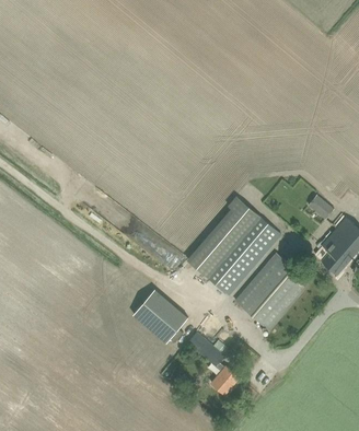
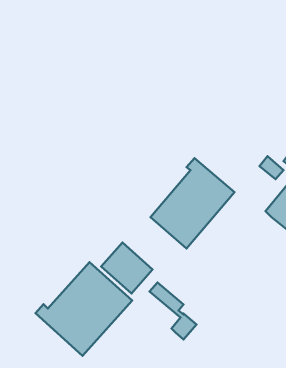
building: [233,254,309,330] -> none
building: none -> [35,262,132,356]

